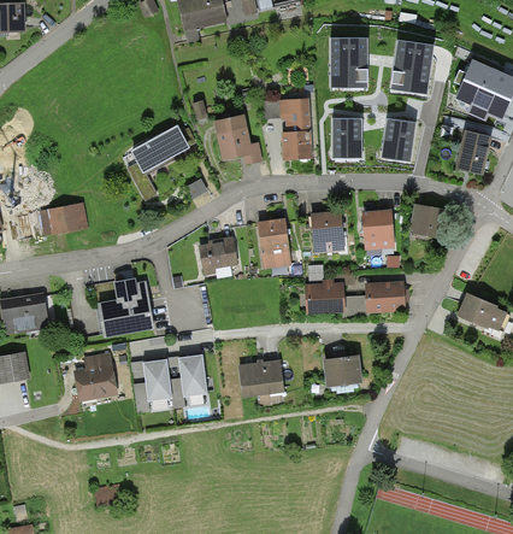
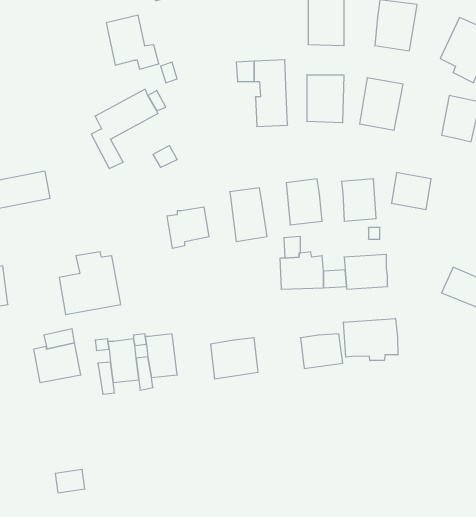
building: [213,115,263,165] -> [106,15,159,69]
building: none -> [344,318,398,361]

